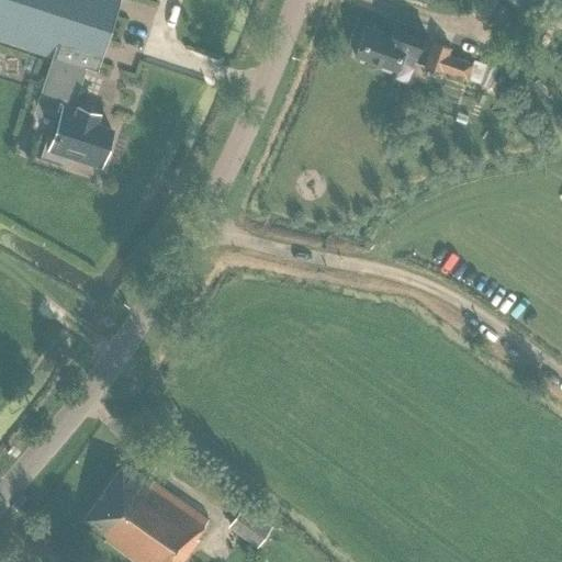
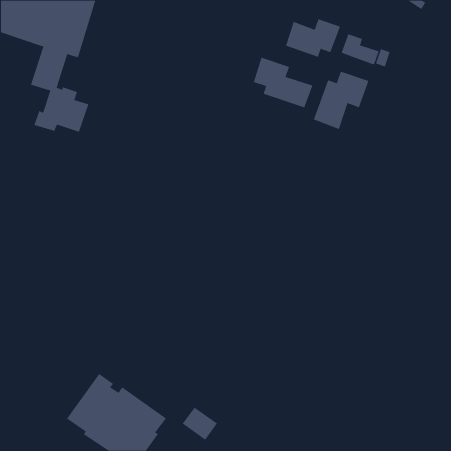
building: none -> [253,57,313,108]
building: none -> [313,71,369,130]

